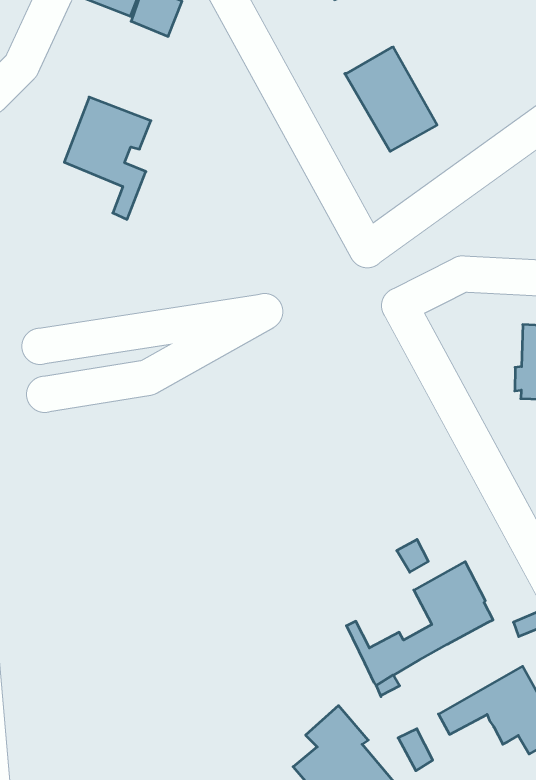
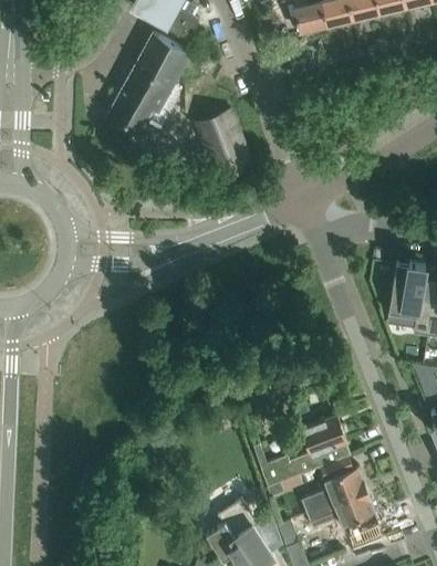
building: none -> [128,33,189,96]
building: [345,47,437,151] -> [195,109,251,178]
building: none -> [301,457,365,513]

